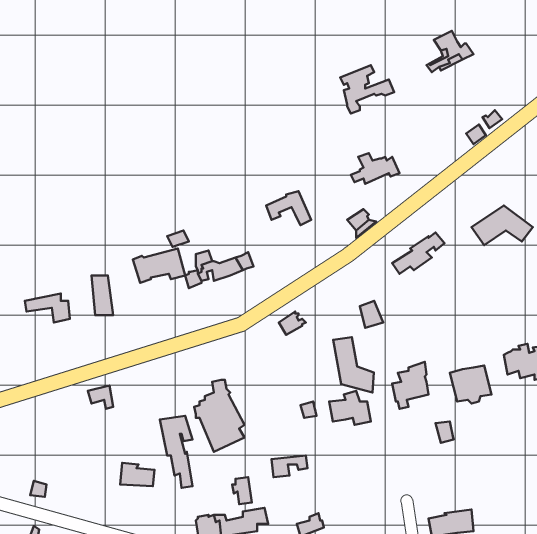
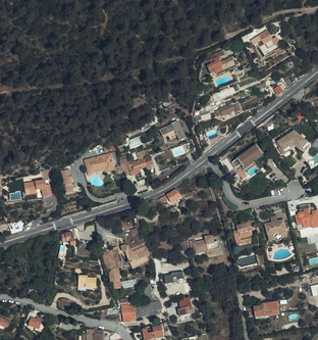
building: [333,337,374,393] -> none

